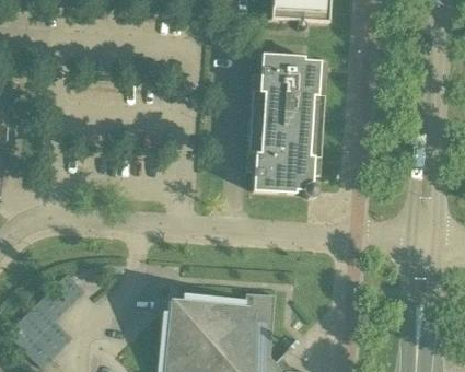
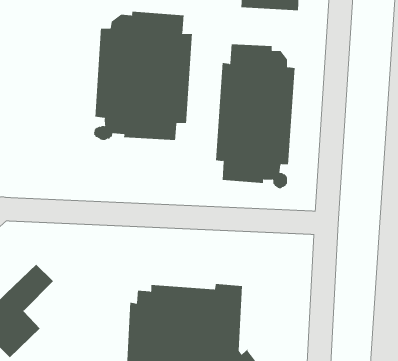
building: none -> [93,11,192,141]

